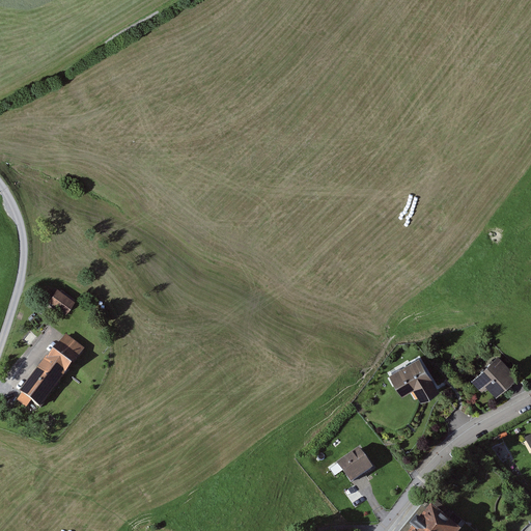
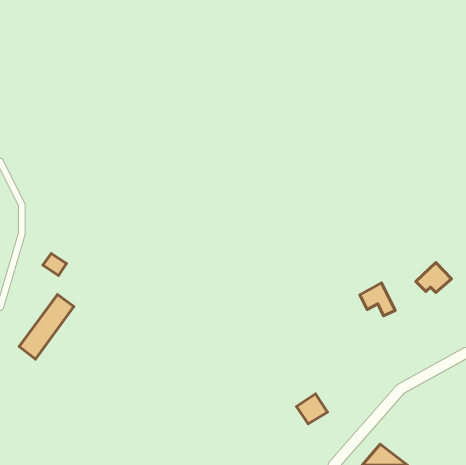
building: [473,356,513,390] -> [416,262,451,293]
building: [389,359,429,396] -> [360,283,395,316]

